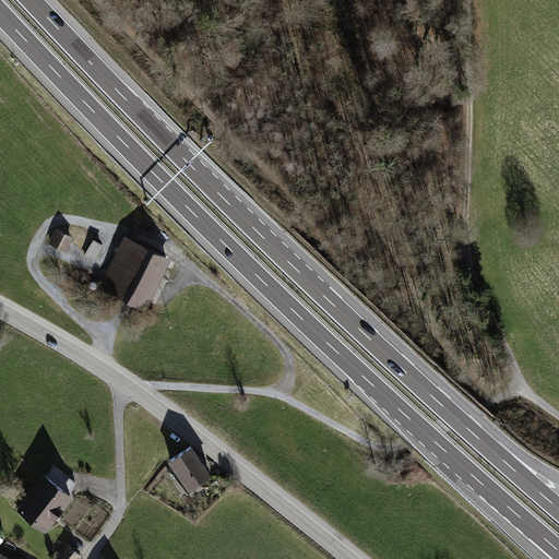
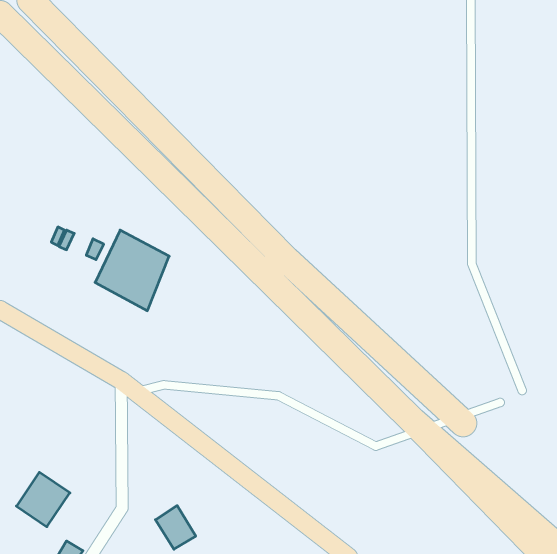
building: [171,450,212,493] -> [155,506,196,549]

